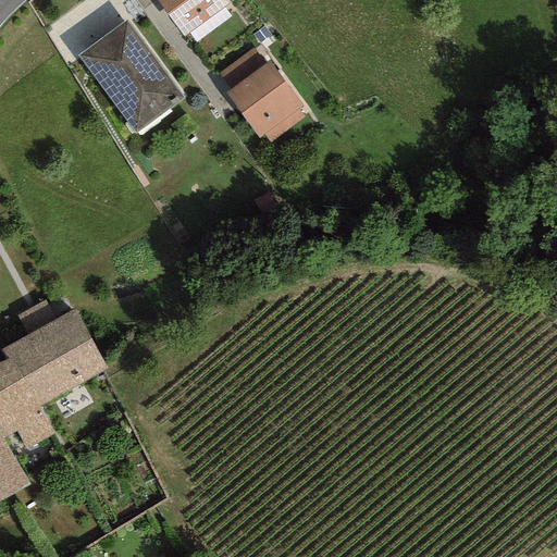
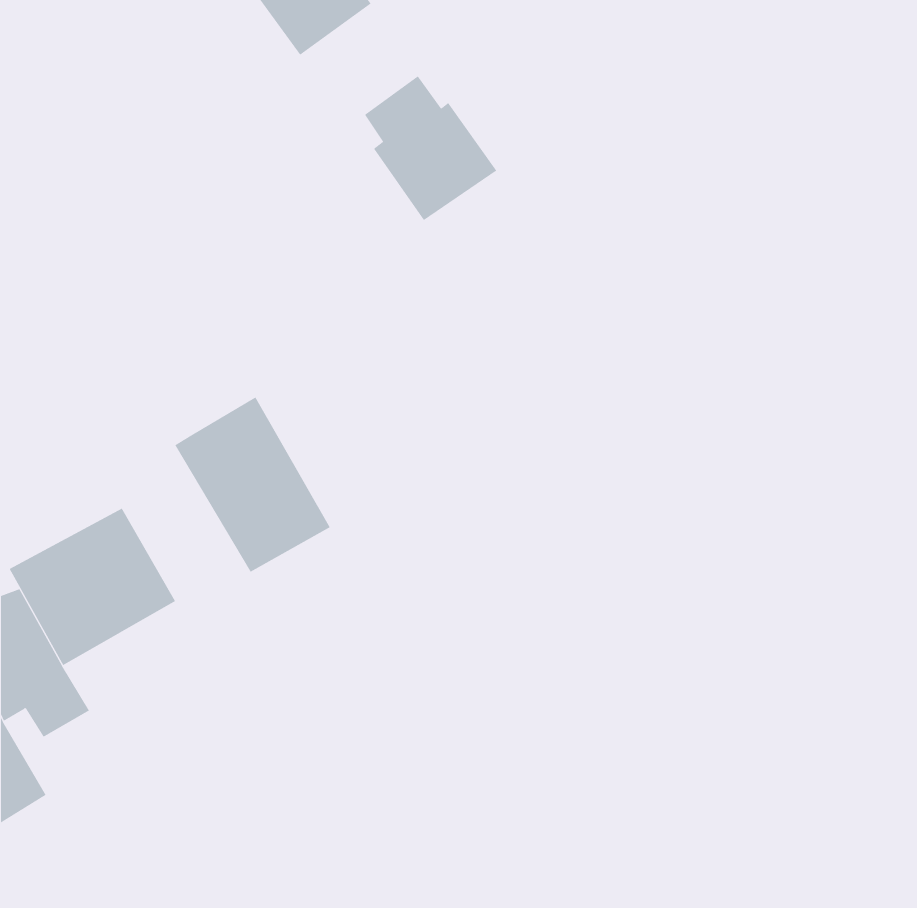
building: [78,24,178,131] -> none
building: none -> [174,397,330,573]

